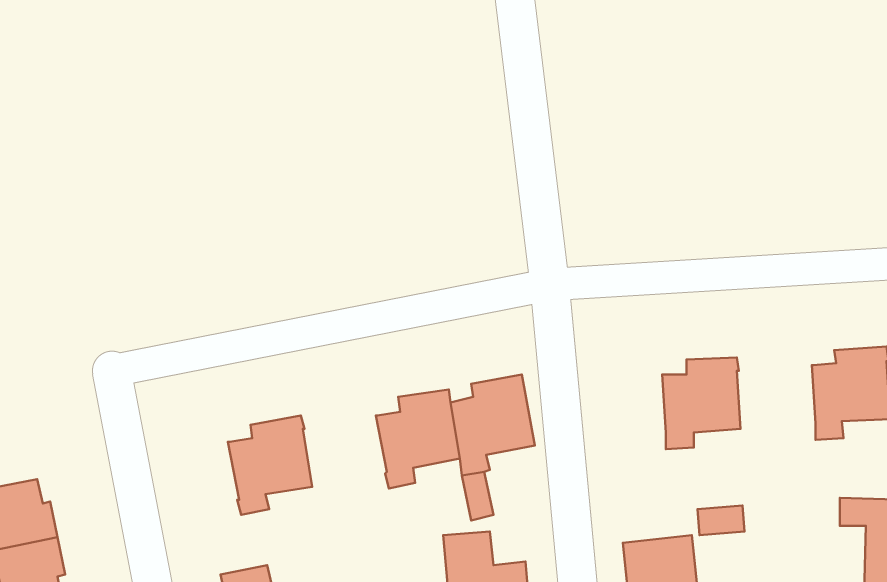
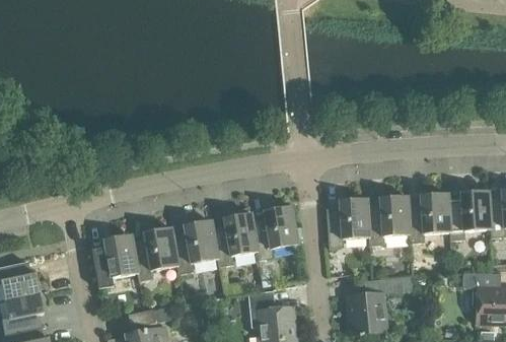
building: none -> [408,193,450,243]
building: none -> [327,198,369,249]
building: none -> [172,220,218,274]
building: none -> [92,234,138,288]

